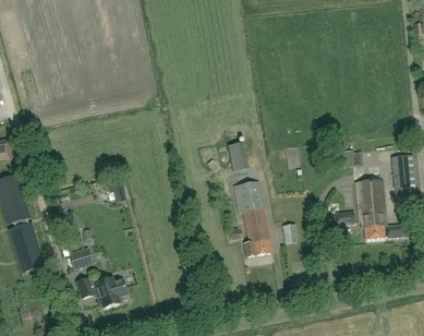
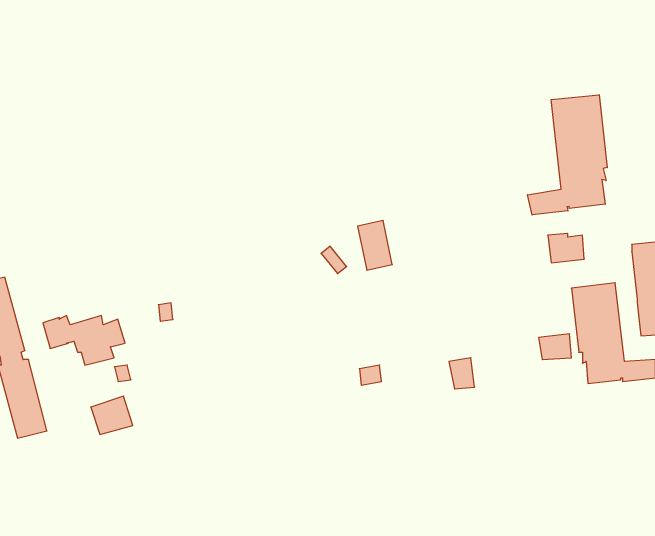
building: none -> [528,95,607,215]
building: [233,180,271,255] -> none
building: [77,277,126,307] -> [43,316,125,365]

